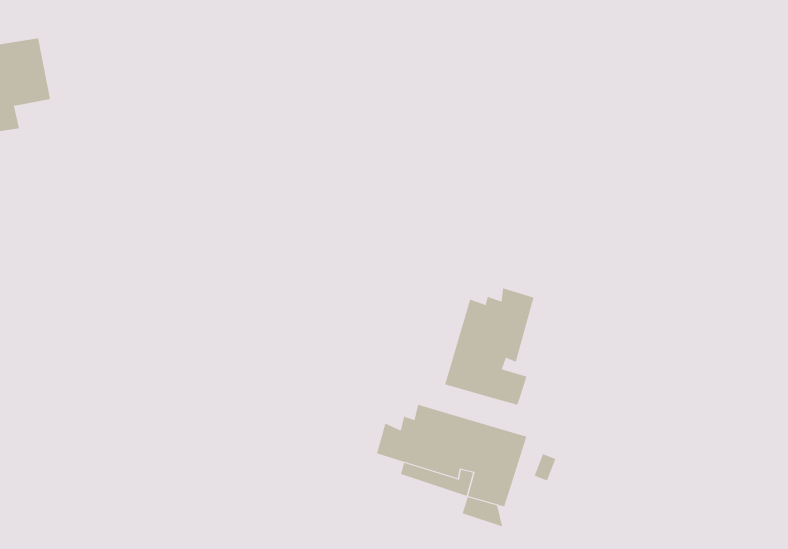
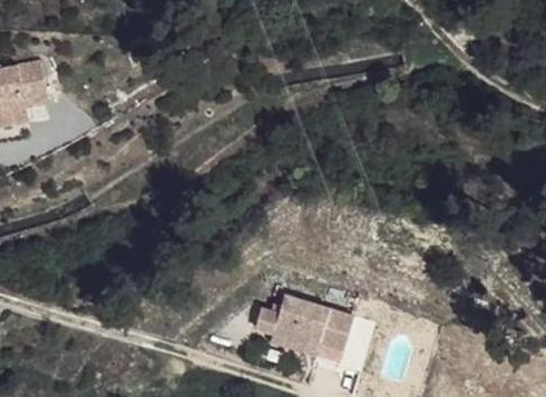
building: [444,287,534,405] -> none

